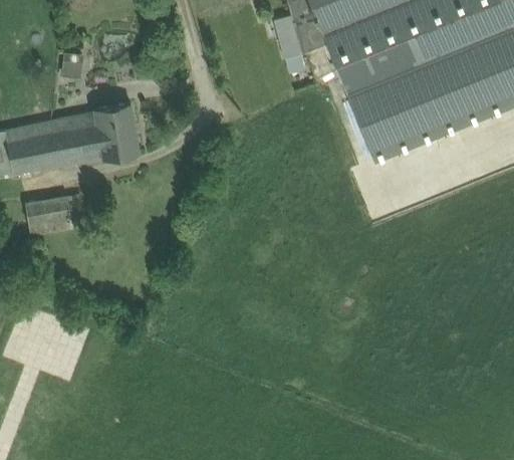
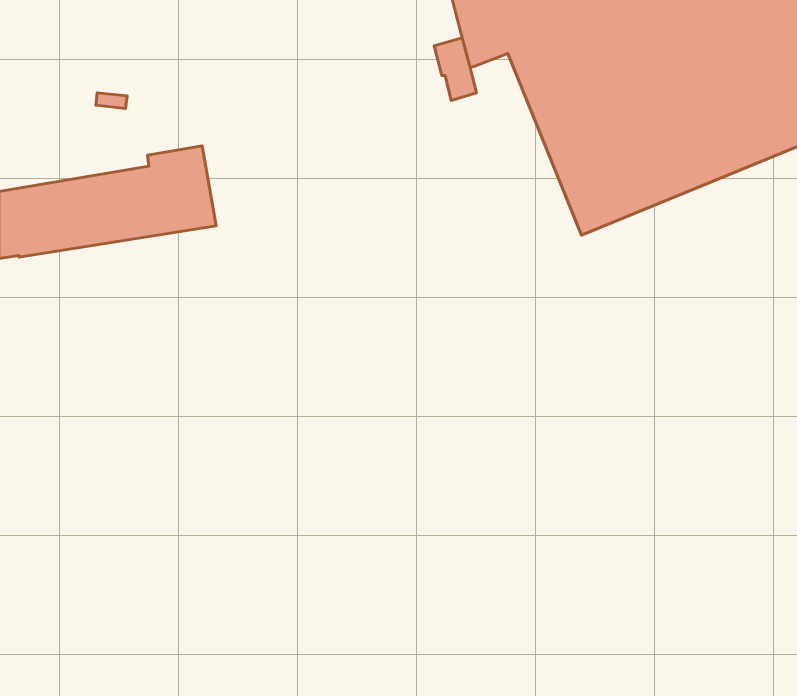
building: [26,189,86,227] -> none

